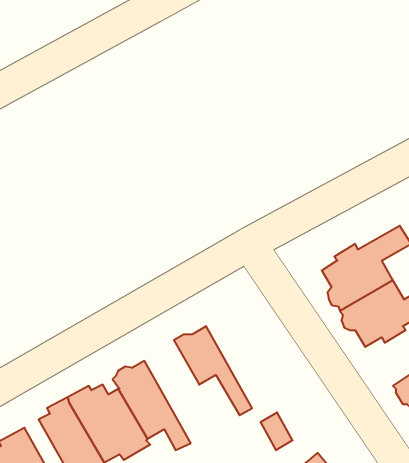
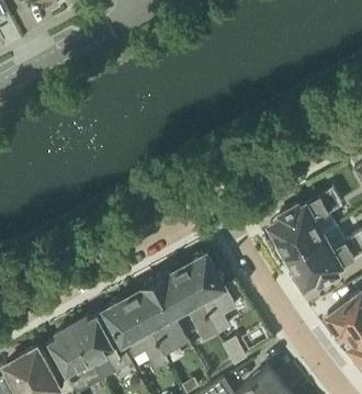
building: none -> [179,255,228,334]
building: none -> [131,280,182,361]

